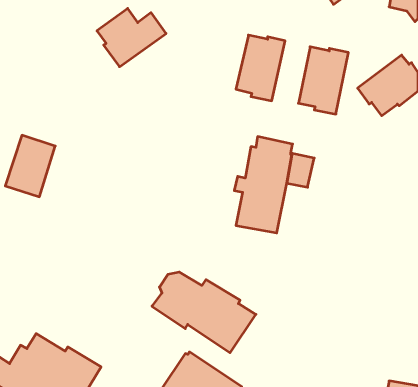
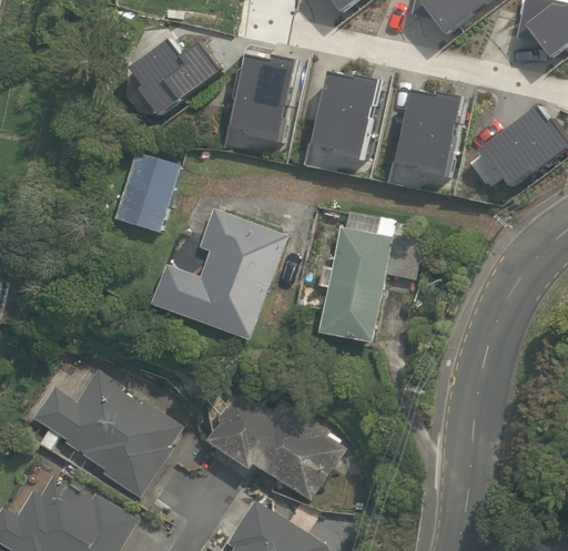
building: none -> [234,59,300,146]
building: none -> [149,207,285,339]
building: [5,135,55,197] -> [111,150,178,232]
building: none -> [31,369,181,497]

